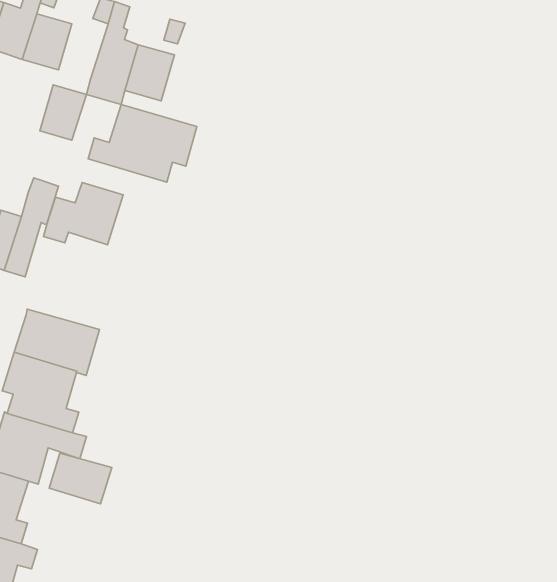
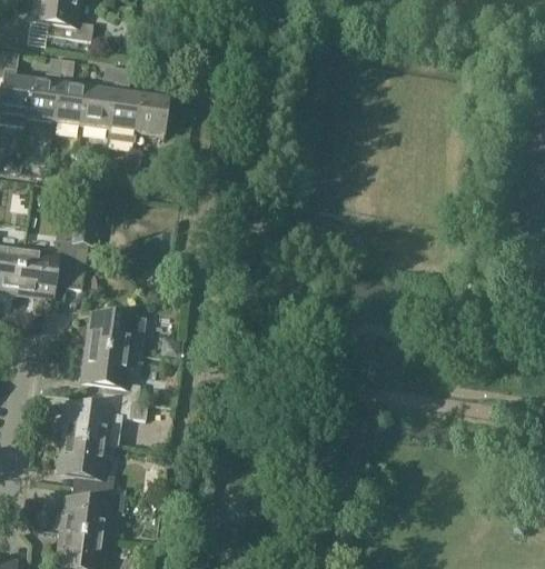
building: [40,85,86,140] -> [81,89,112,129]
building: [88,105,197,182] -> none
building: [44,183,123,245] -> none
building: [49,453,112,504] -> none

